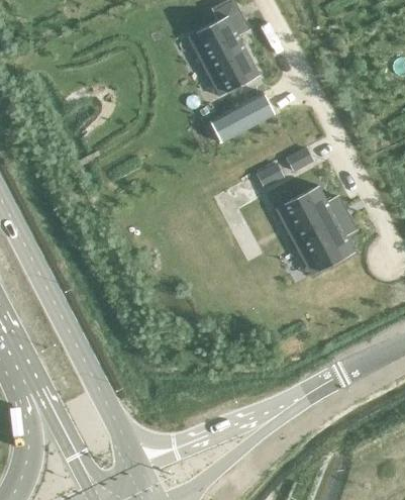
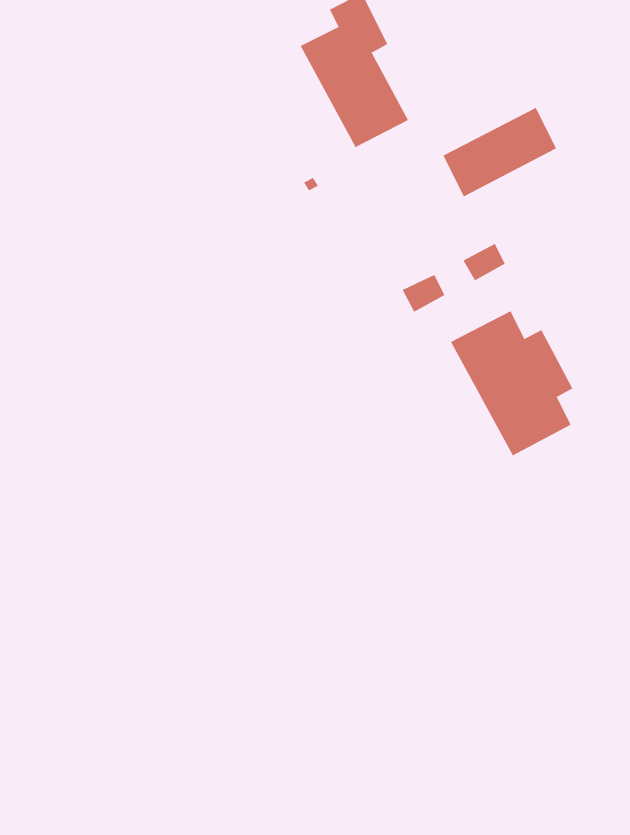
building: [205,93,272,145] -> [443,107,557,197]

